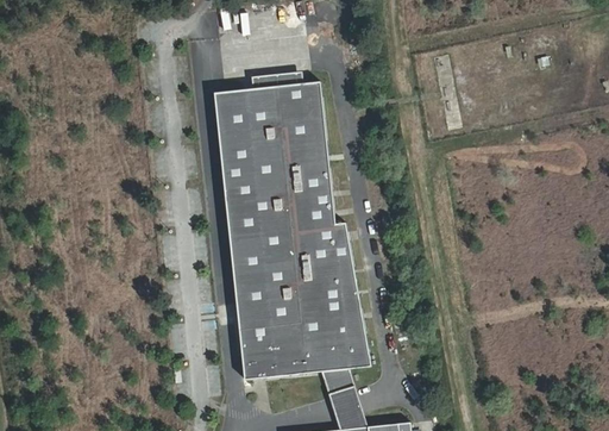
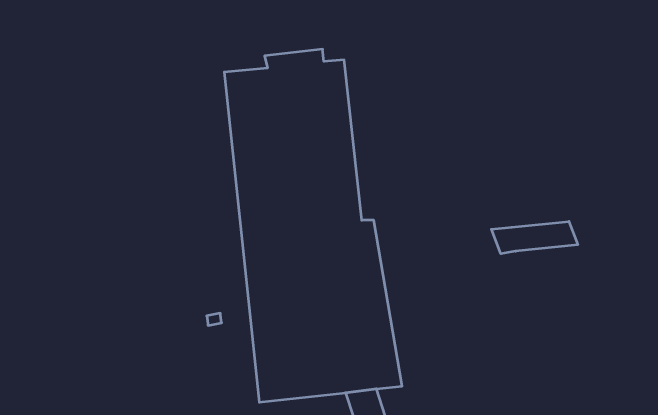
building: none -> [491,221,578,254]

